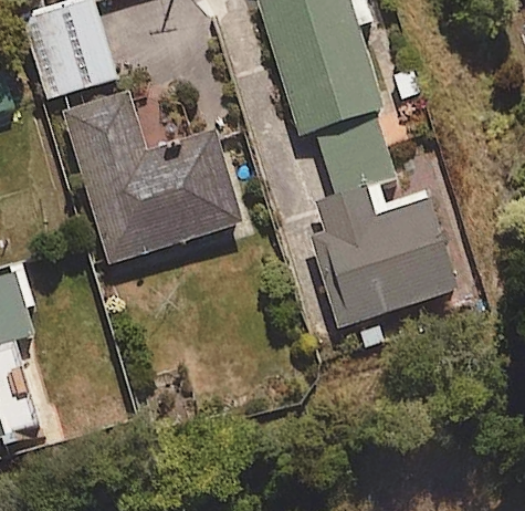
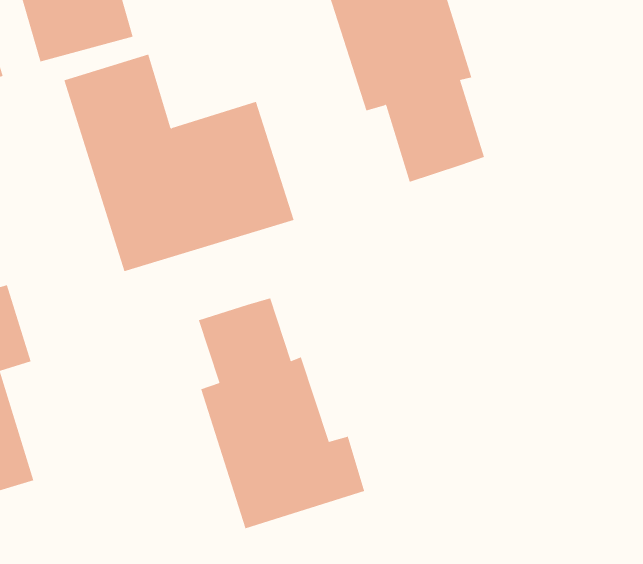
building: [309,178,458,327] -> none
building: none -> [198,298,365,529]

